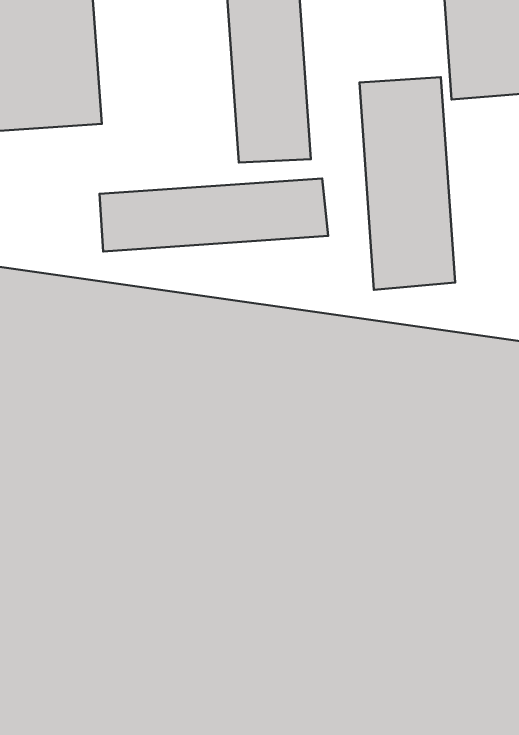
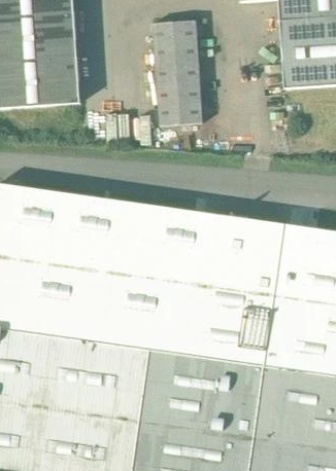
building: [360,77,455,290] -> none
building: [100,179,328,251] -> none

